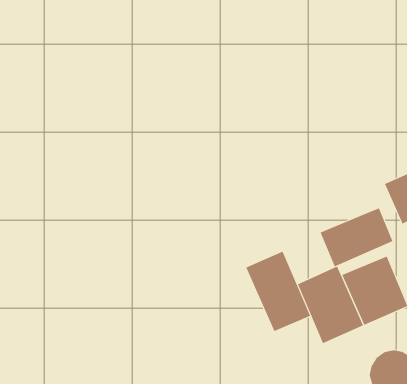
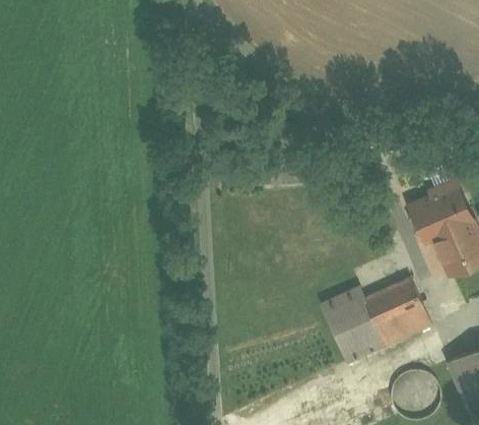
building: [320,207,393,267] -> none
building: [246,251,311,332] -> none

